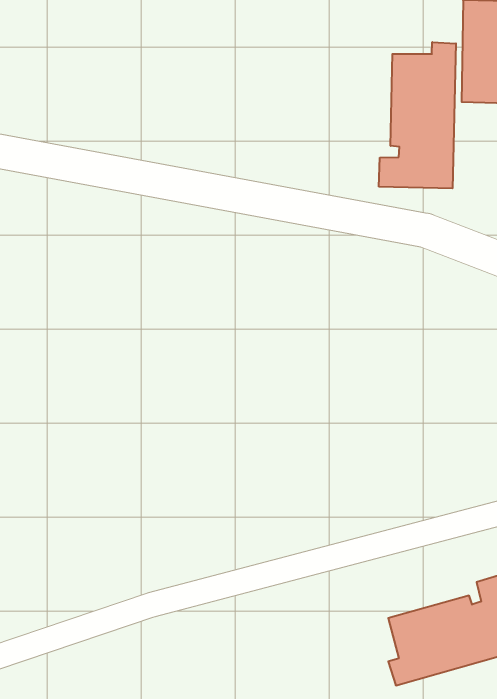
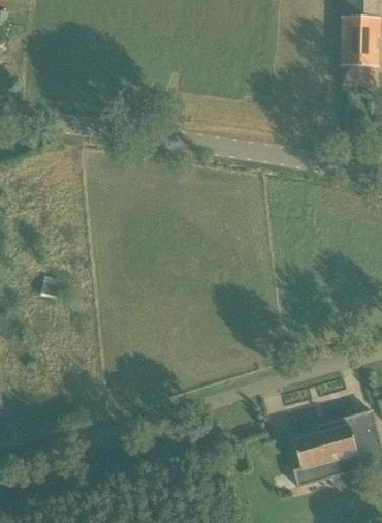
building: [379,42,456,188] -> none

